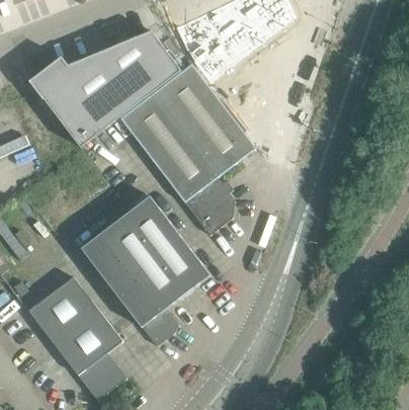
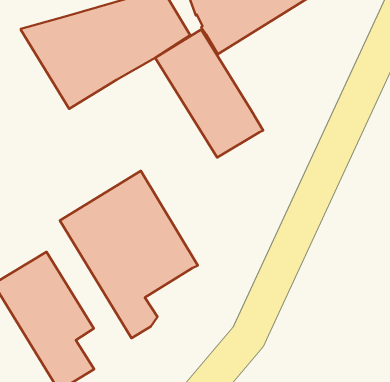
building: [119,92,234,233] -> none

